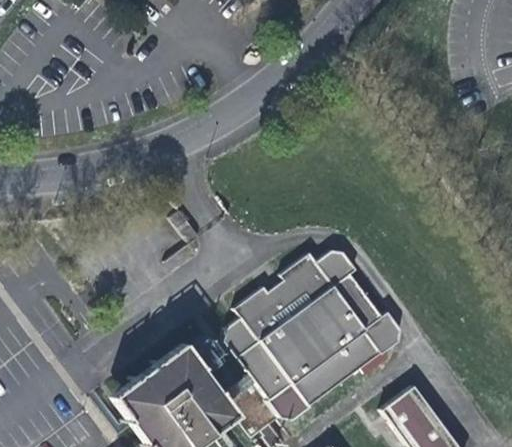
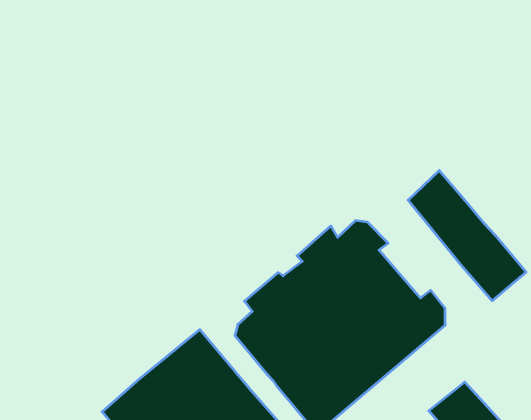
building: none -> [408,170,526,301]

